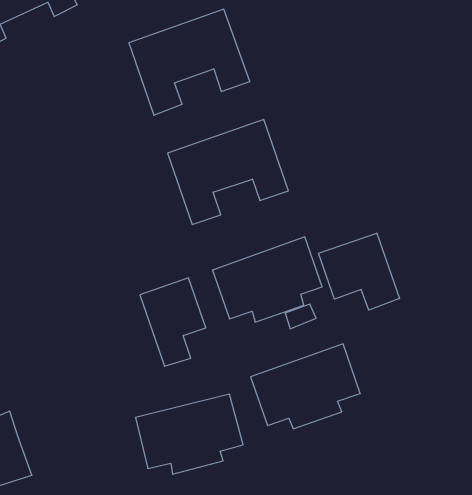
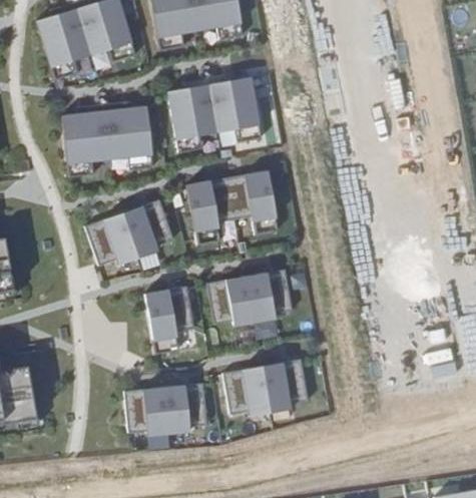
building: none -> [66,105,156,173]
building: none -> [85,199,172,264]
building: [318,233,400,310] -> none

